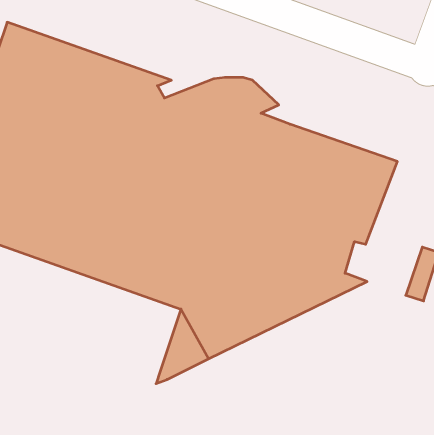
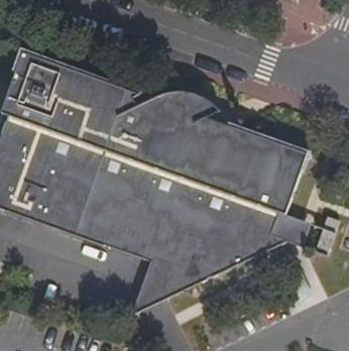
building: none -> [269,209,310,243]

